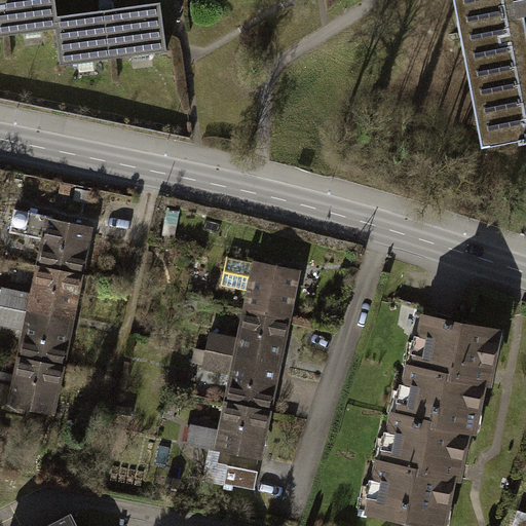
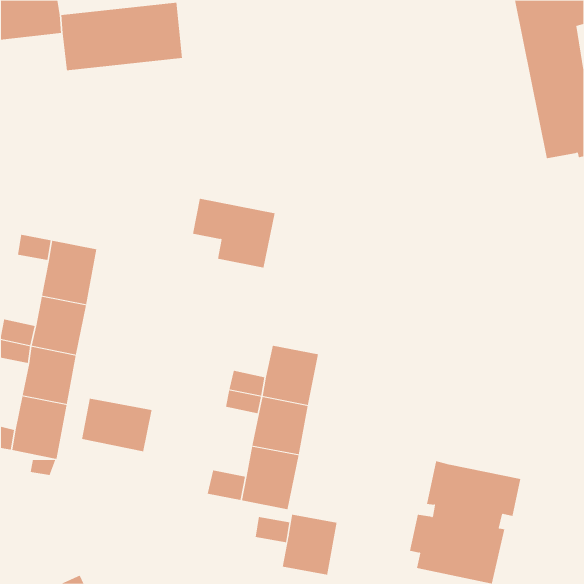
building: [222,256,297,318] -> [192,198,276,268]
building: [398,314,500,431] -> none
building: none -> [81,398,152,452]
building: none -> [282,514,337,576]

